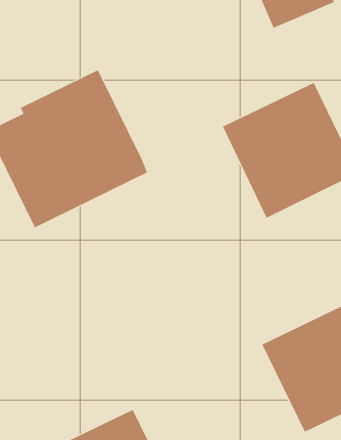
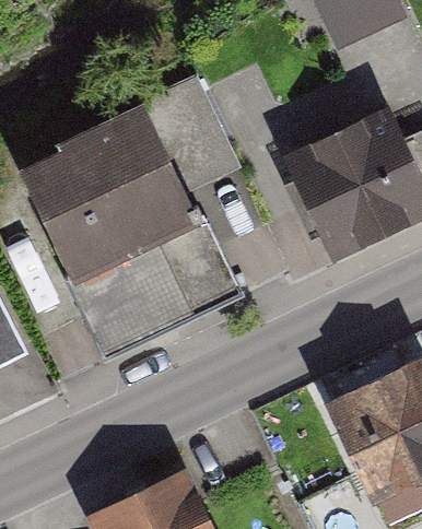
building: none -> [148,80,242,193]
building: none -> [63,209,239,357]

